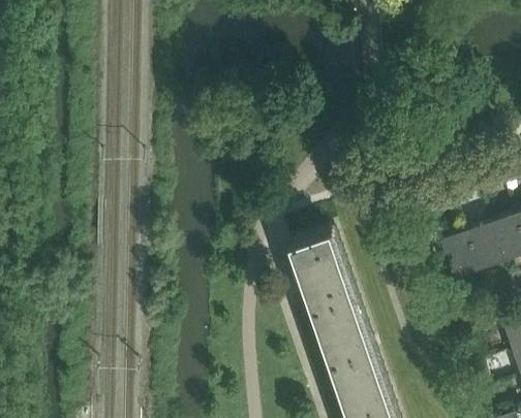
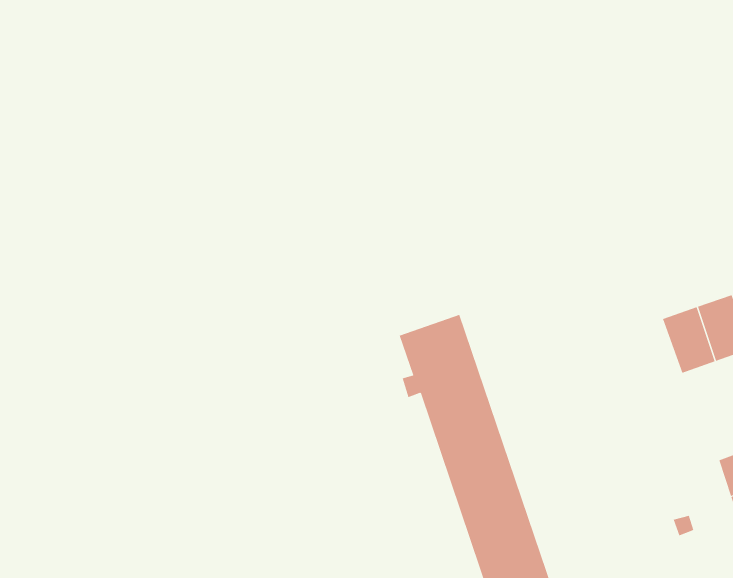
building: [439,233,479,280] -> none

